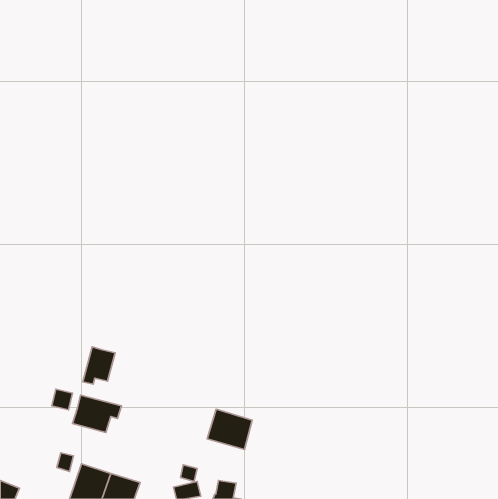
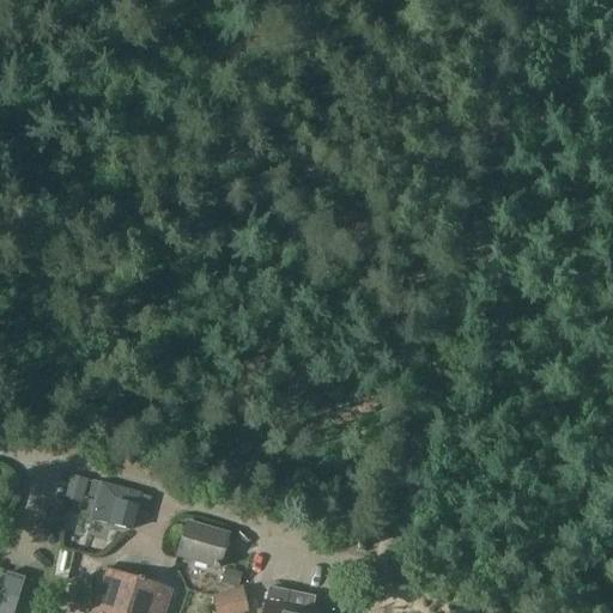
building: [83,347,115,384] -> none
building: [207,409,252,449] -> [176,520,231,569]

